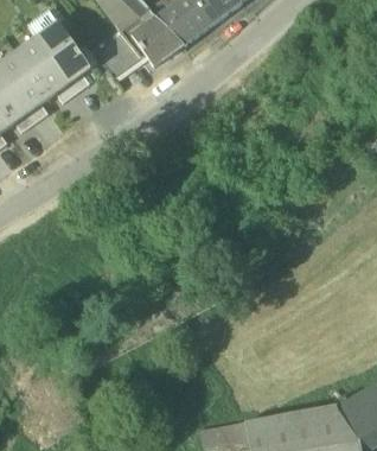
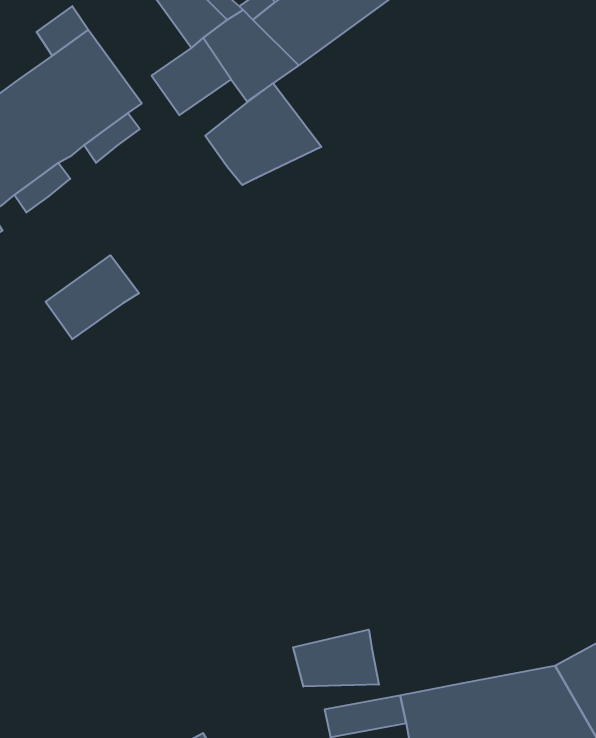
building: none -> [205,83,321,185]
building: none -> [46,255,139,339]
building: none -> [293,630,379,687]

